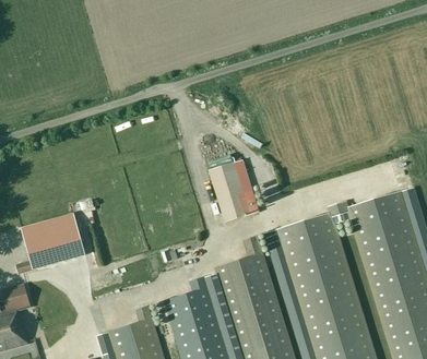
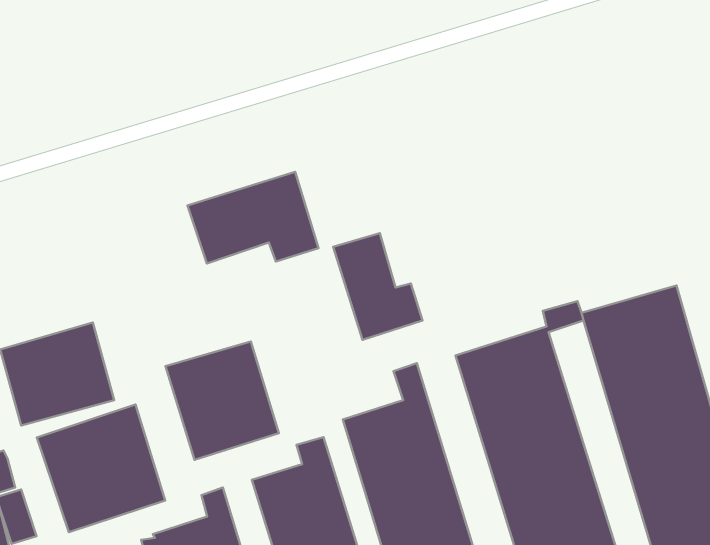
building: none -> [188,172,318,264]
building: none -> [165,342,279,460]
building: none -> [37,404,165,532]

